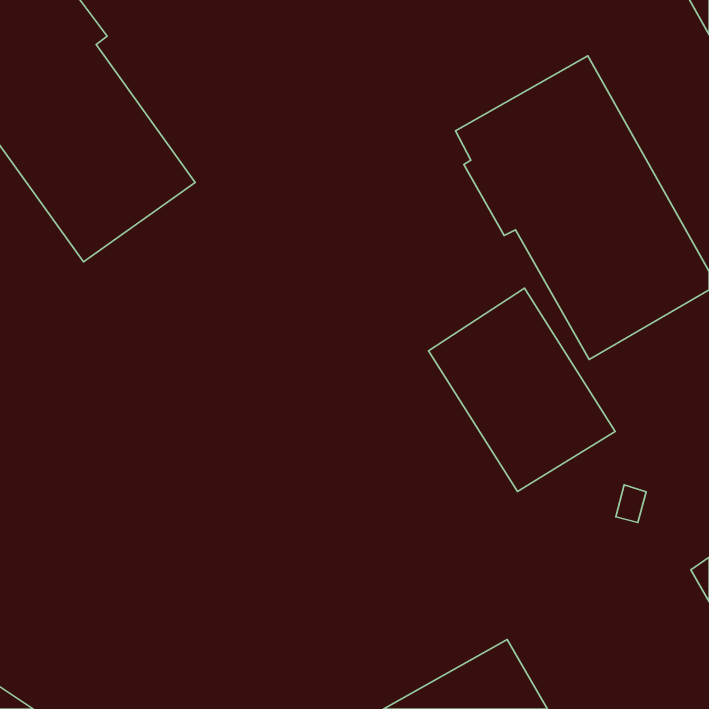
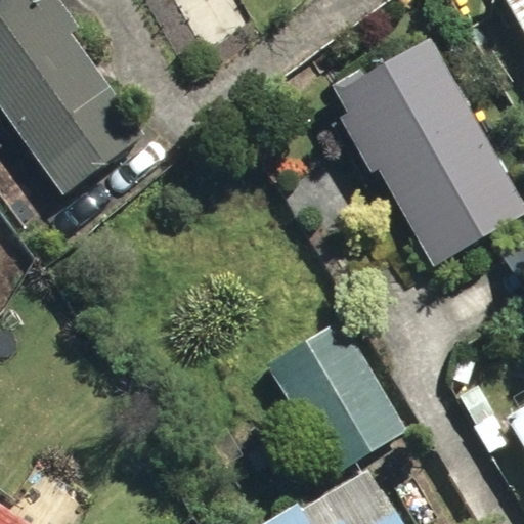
building: [429,288,615,492] -> [269,322,406,472]

